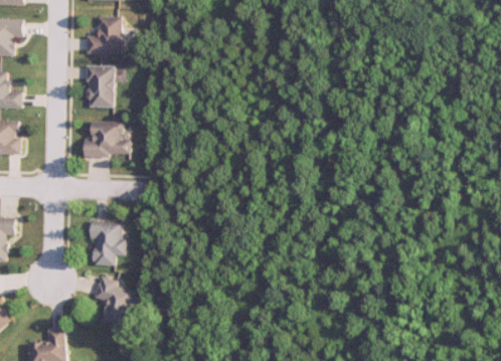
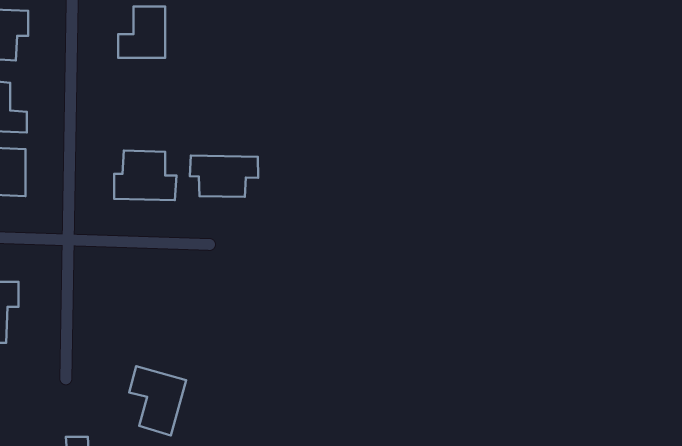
building: [85,66,112,108] -> none
building: none -> [190,155,258,197]
building: [91,221,126,265] -> none

